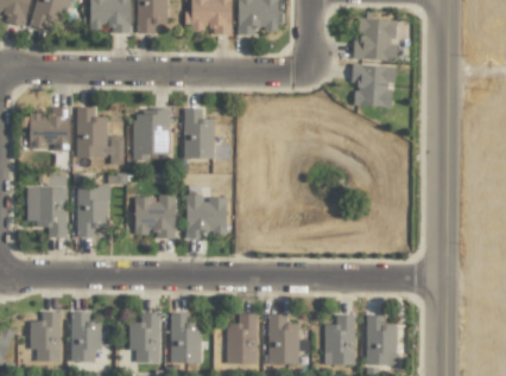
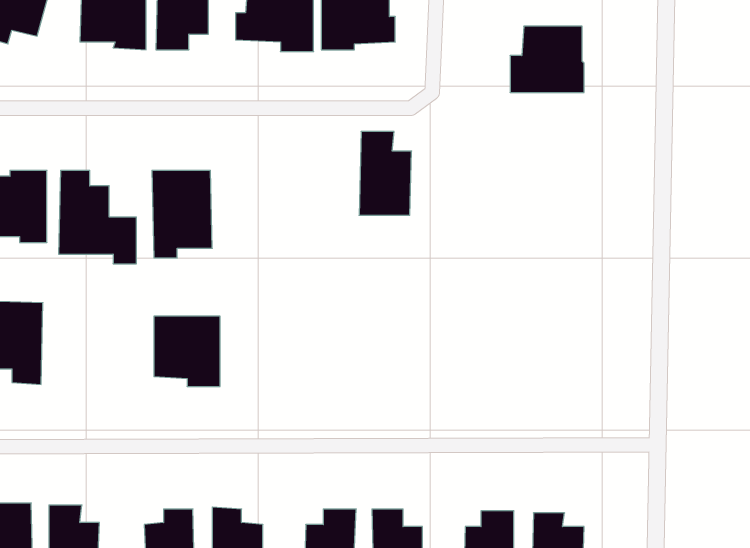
building: [350,65,396,108] -> none
building: [182,108,214,159] -> [359,132,412,215]
building: [76,187,108,238] -> none
building: [184,196,226,240] -> none

